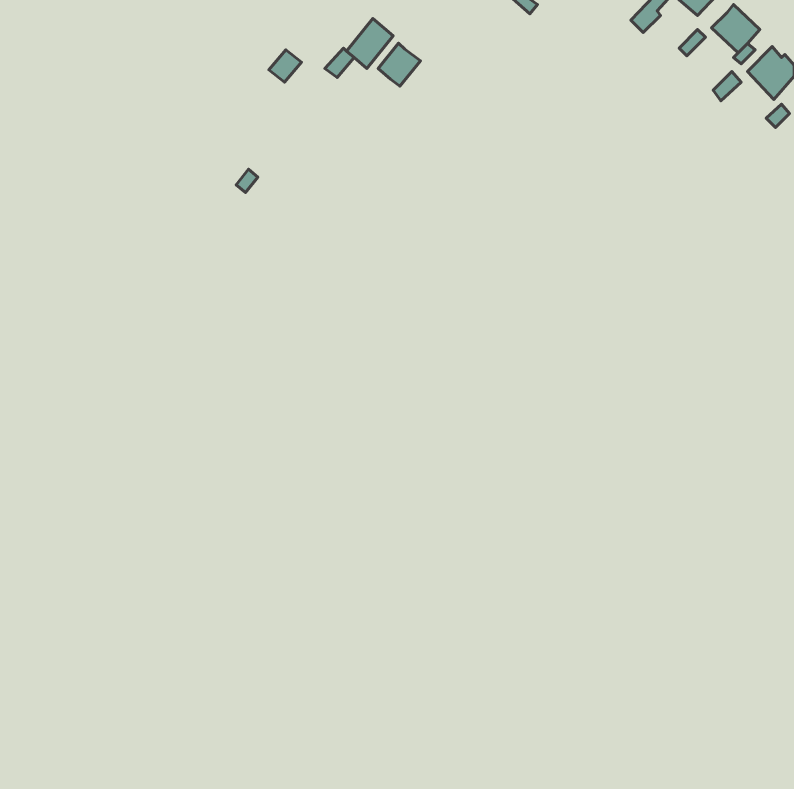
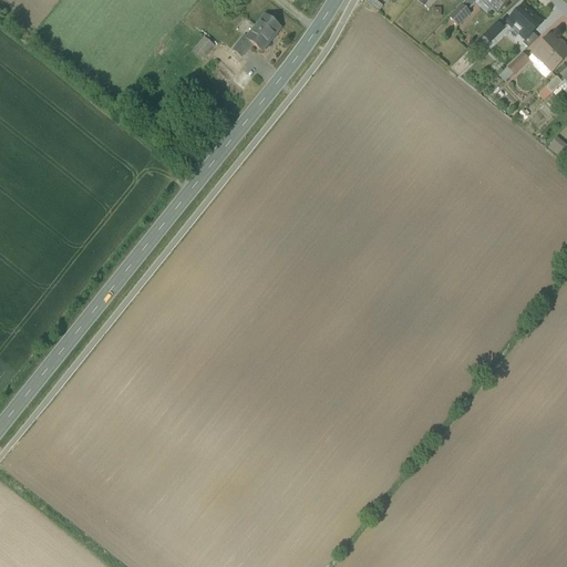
building: [378,43,420,86] -> none

